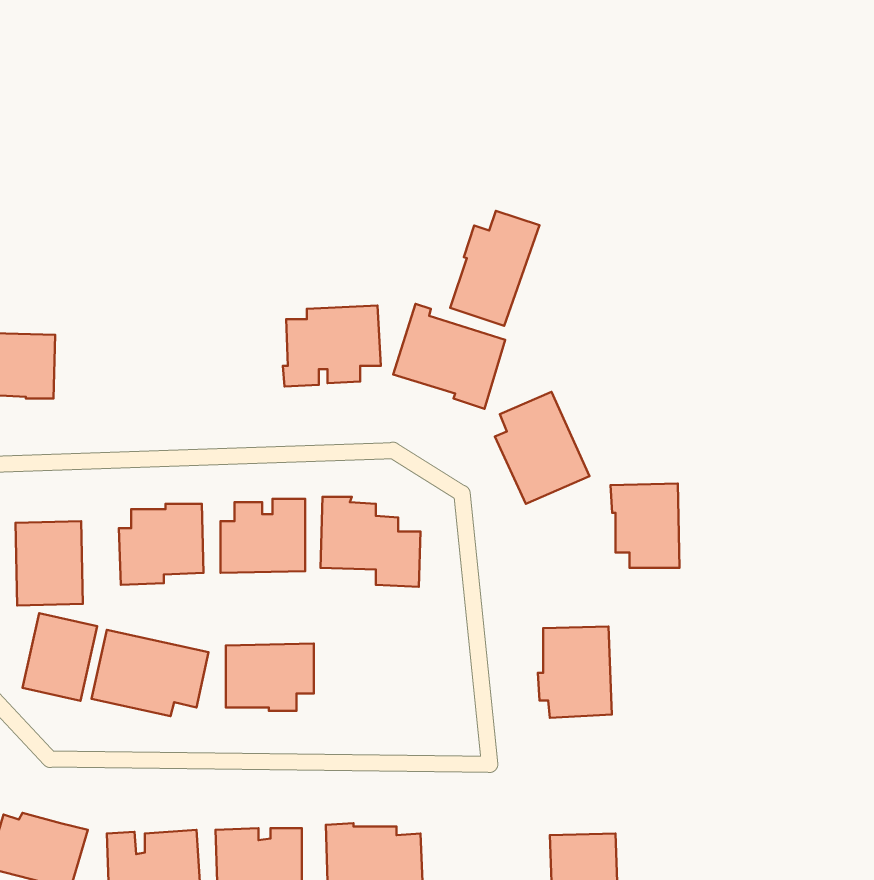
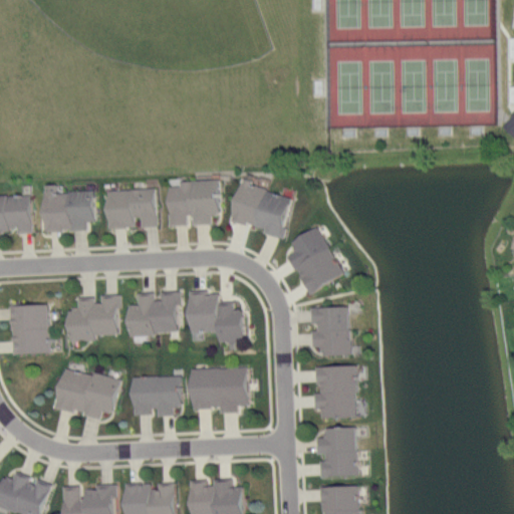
building: [450,211,539,326] -> none
building: none -> [41,185,97,232]
building: none -> [105,188,158,228]
building: [610,483,679,568] -> [309,306,349,355]
building: [23,613,97,701] -> none
building: none -> [189,367,250,412]
building: none -> [315,427,357,477]

